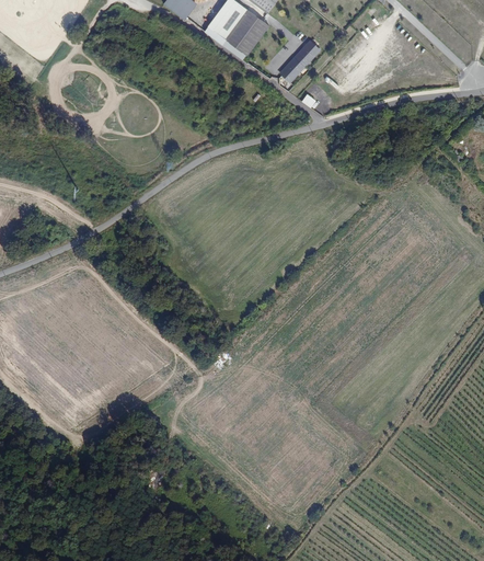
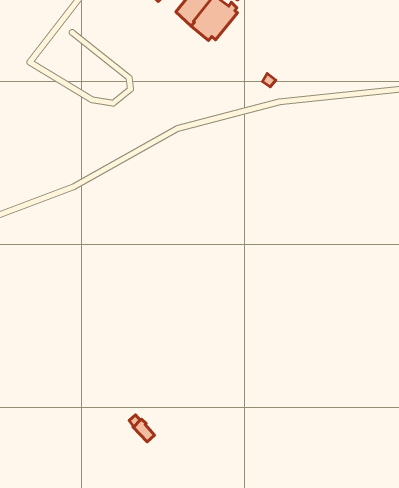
building: [277,37,320,81] -> none

